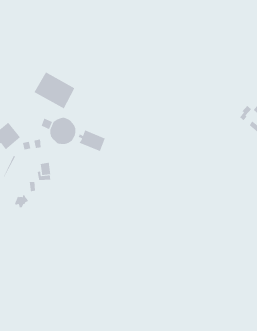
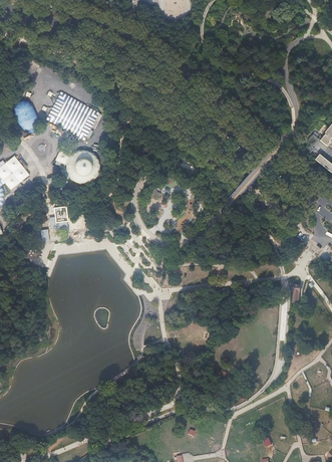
building: none -> [12,95,37,134]
building: [78,129,106,152] -> none

